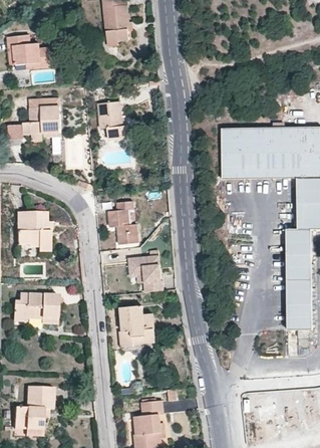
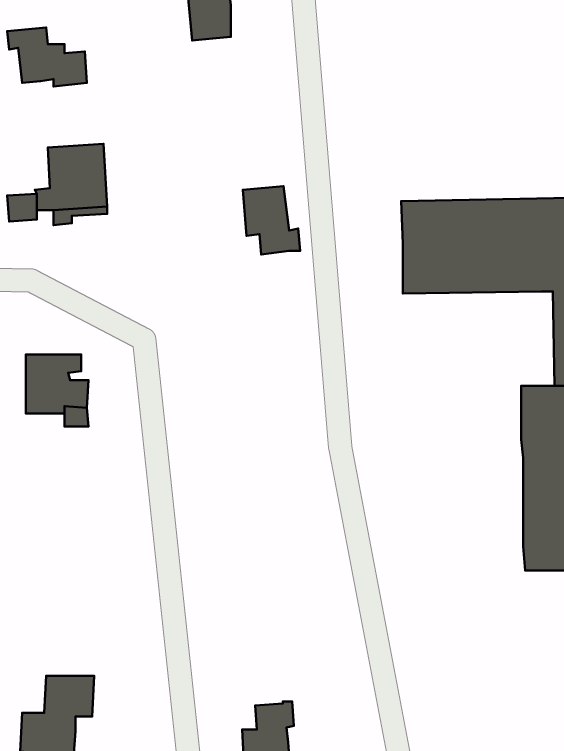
building: [98,101,129,139] -> [243,186,300,254]
building: [108,201,138,244] -> none
building: [128,256,164,292] -> none
building: [13,294,59,322] -> none
building: [120,305,155,347] -> none

